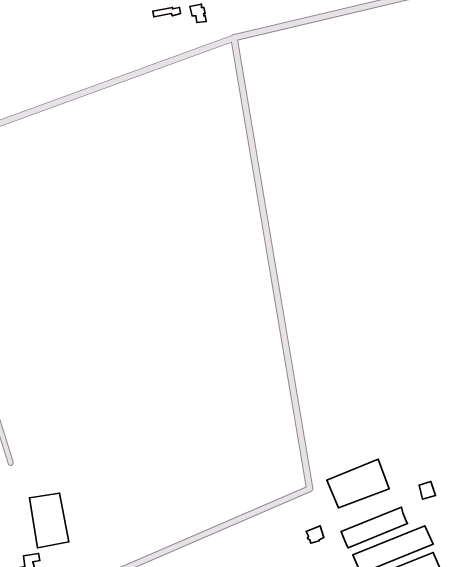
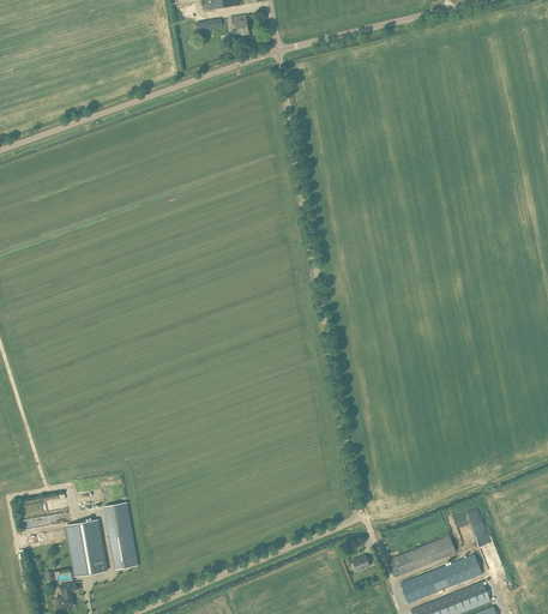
building: [327,459,389,508] -> none
building: none -> [104,502,138,570]

